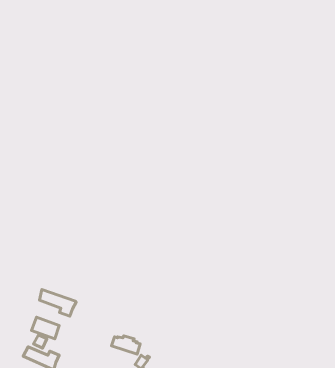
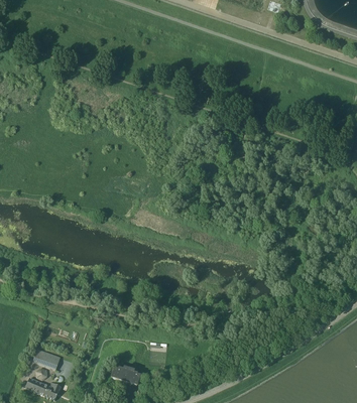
building: [39,290,76,316] -> none

